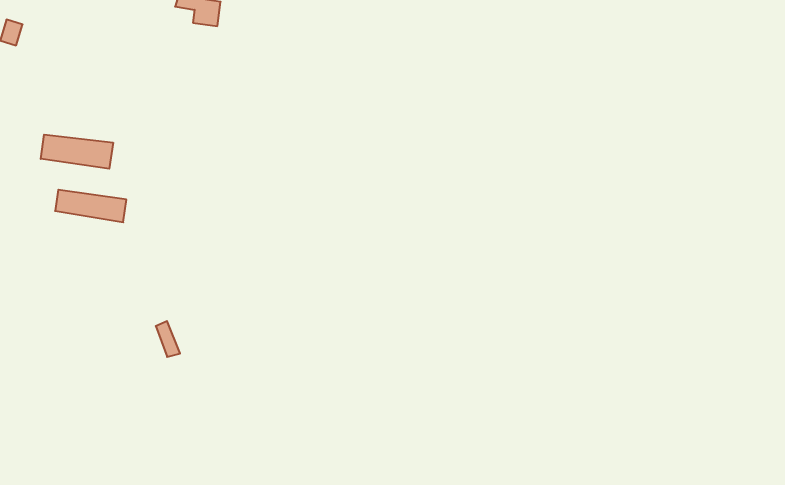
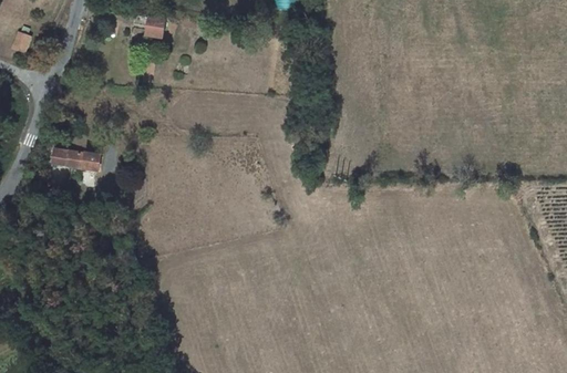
building: [41,135,113,169] -> none

